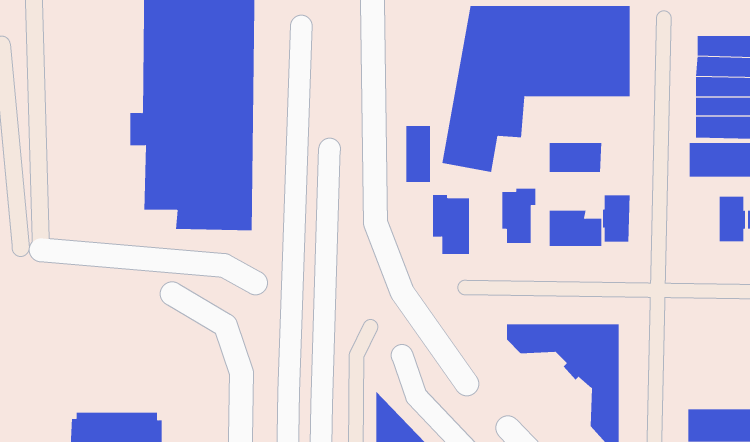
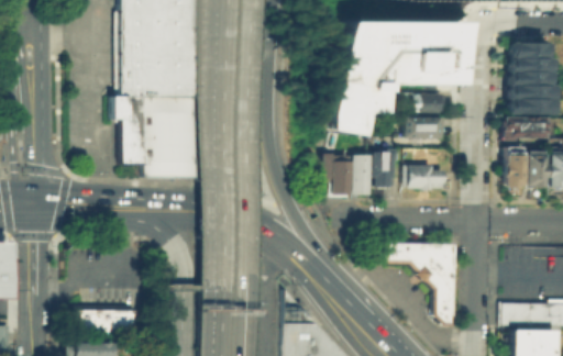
building: none -> [415,92,448,112]
building: [406,126,431,182] -> [354,154,372,193]
building: [602,195,631,242] -> [504,154,523,187]

